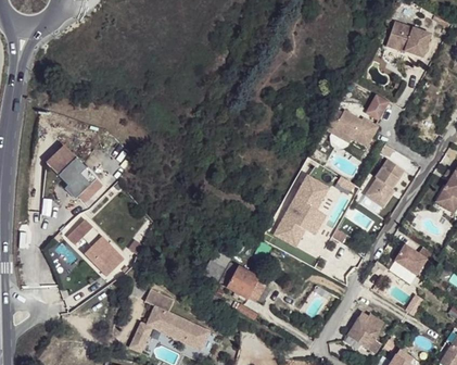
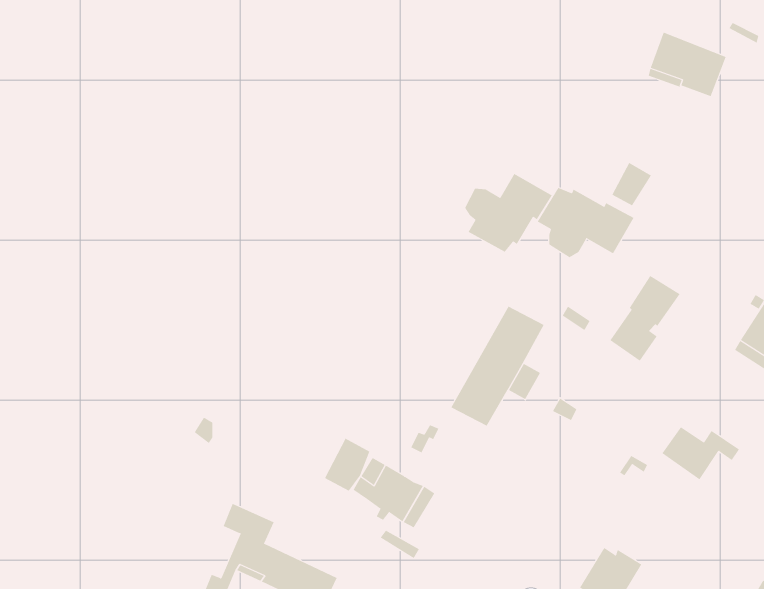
building: none -> [465,173,552,253]
building: [47,146,103,203] -> none
building: [67,221,124,277] -> none

